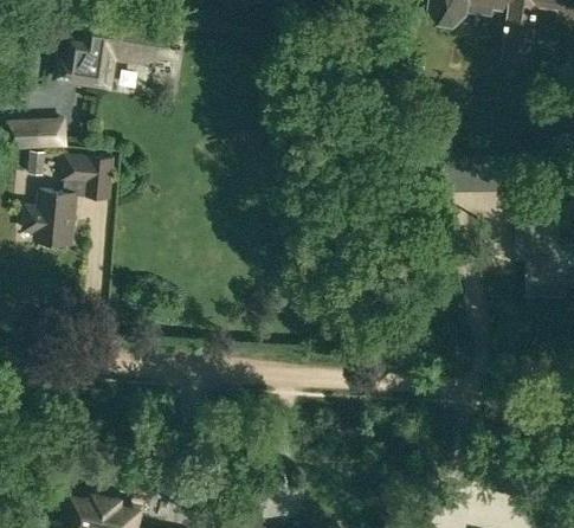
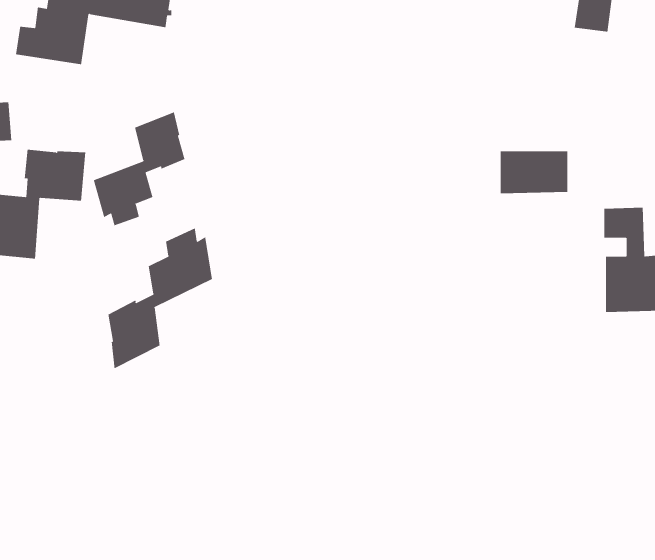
building: none -> [93,111,185,226]
building: none -> [108,228,213,369]

